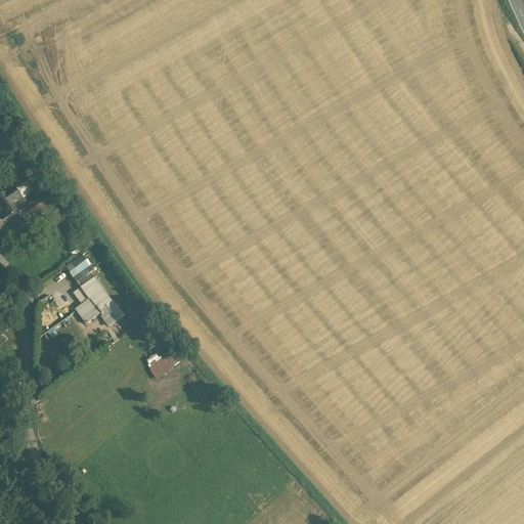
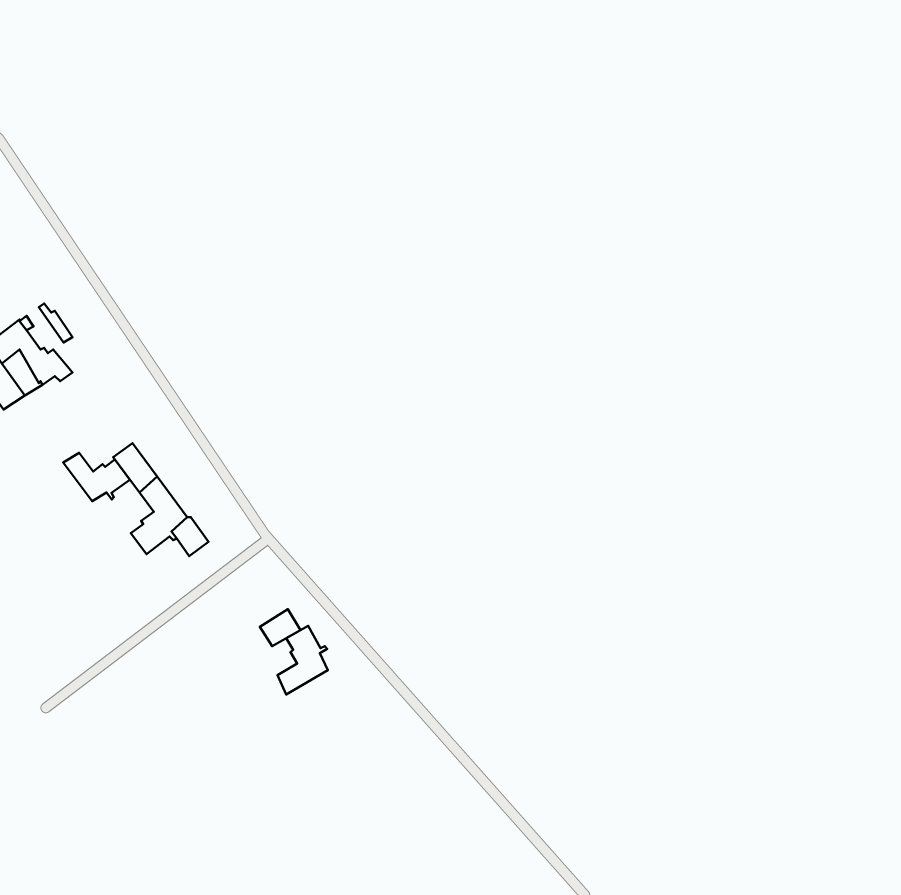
building: none -> [63,453,130,501]
building: none -> [278,626,328,694]

